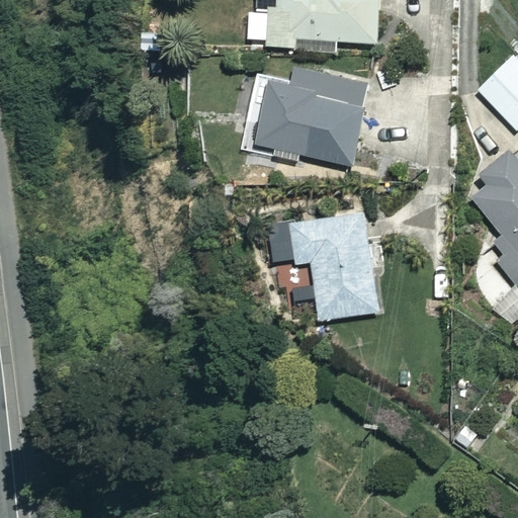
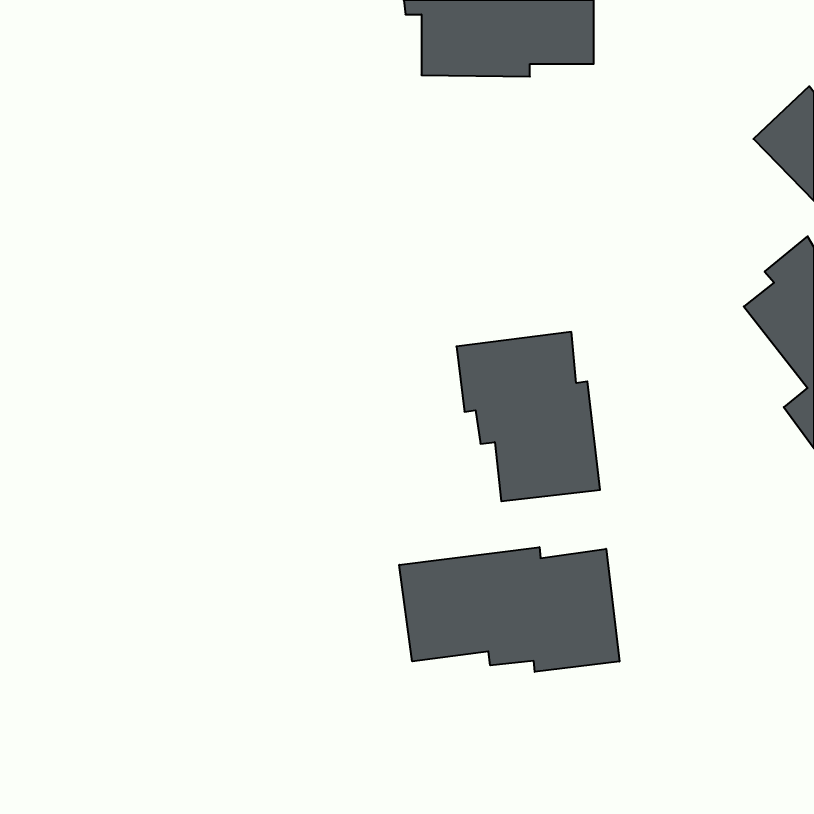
building: [254,69,368,164] -> none
building: none -> [399,547,619,672]

